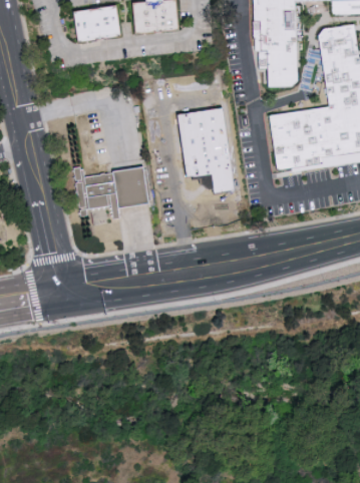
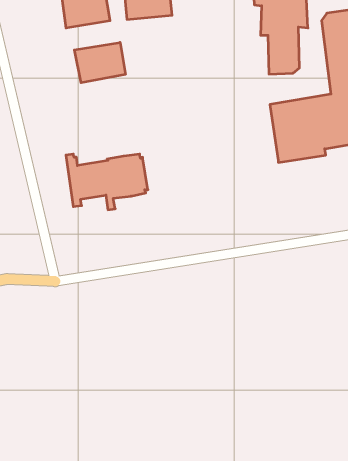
building: none -> [74,42,125,83]
building: [174,110,232,197] -> none

